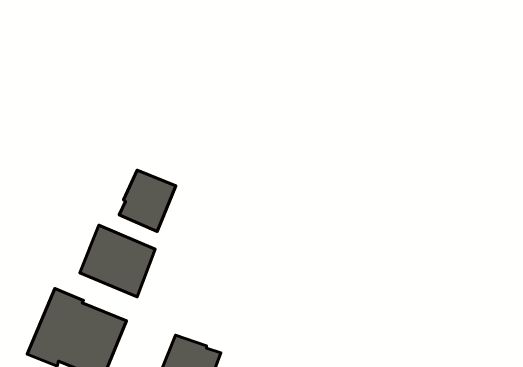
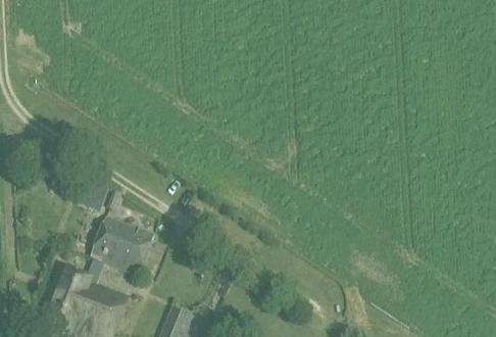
building: [119,170,176,231] -> none

